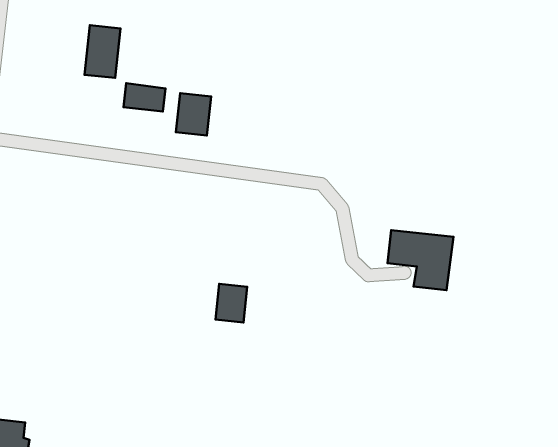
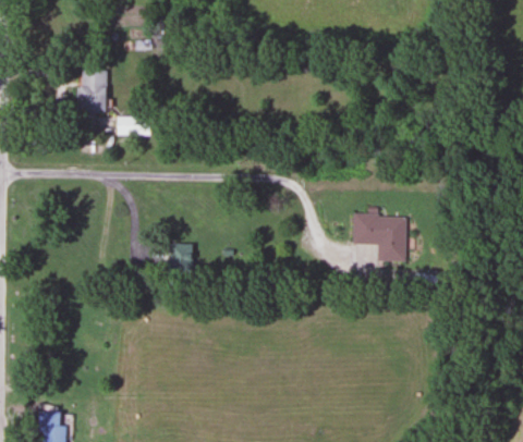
building: [176,93,211,135] -> none
building: [215,284,247,323] -> [169,243,193,273]

